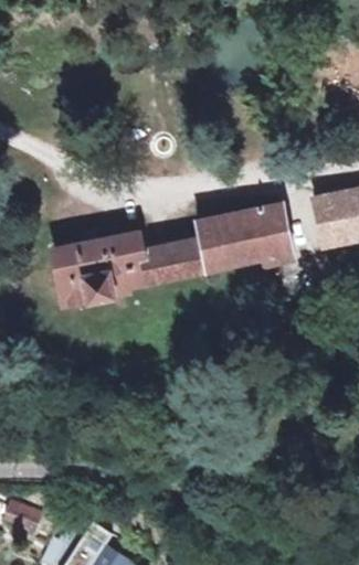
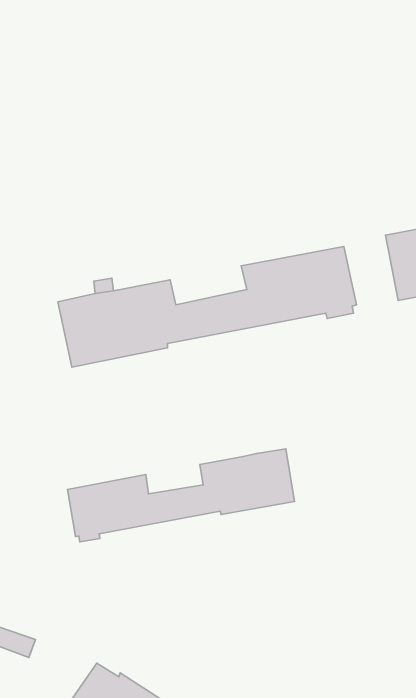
building: none -> [67,449,295,542]

